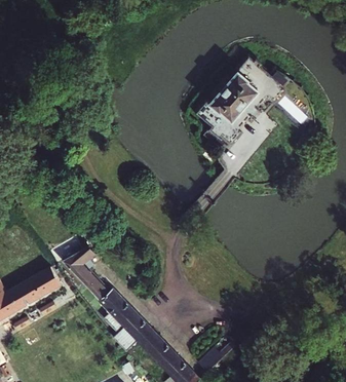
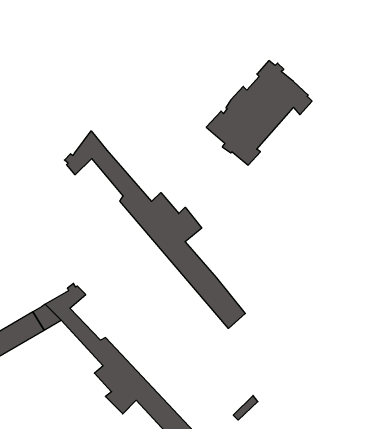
building: none -> [64,131,245,328]

